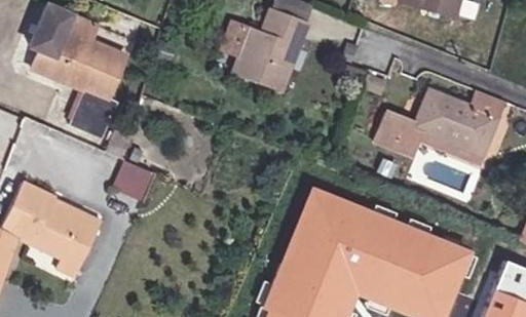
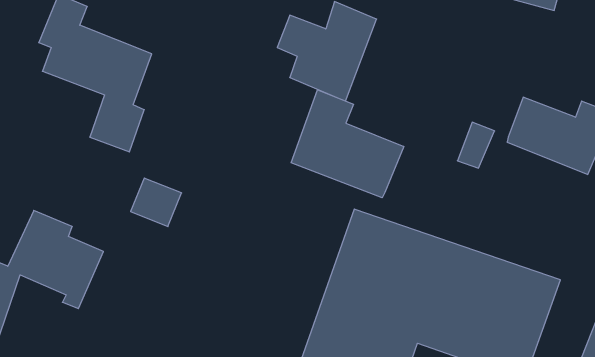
building: none -> [291,90,404,198]
building: [399,119,489,164] -> none

